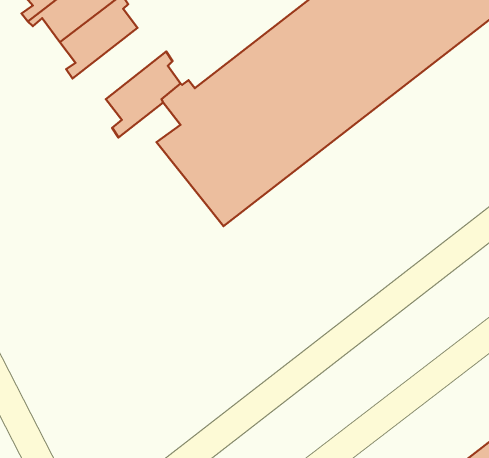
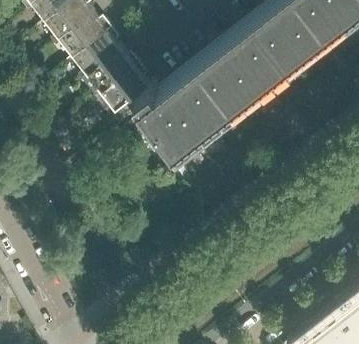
building: none -> [80,47,139,92]

